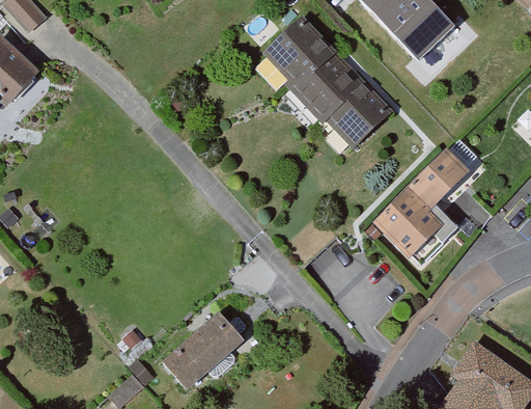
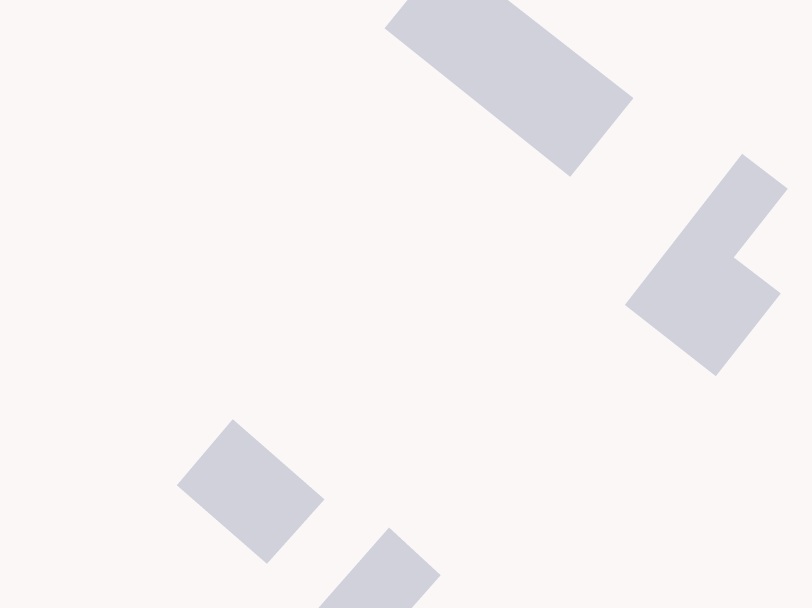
building: none -> [176,418,325,565]

